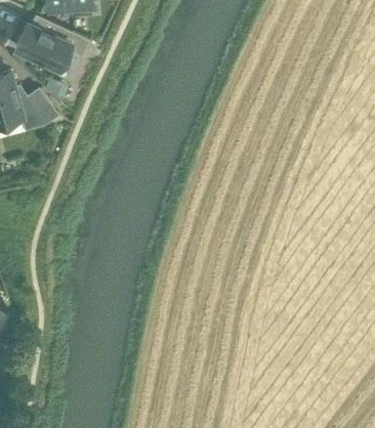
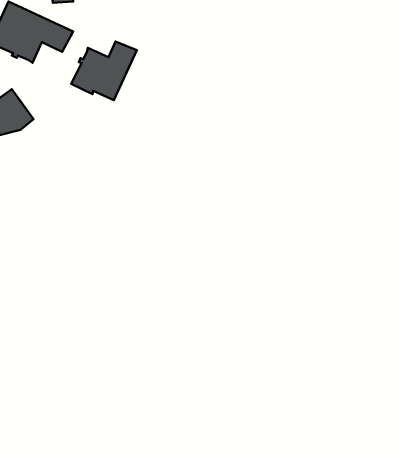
building: none -> [71,41,137,100]

